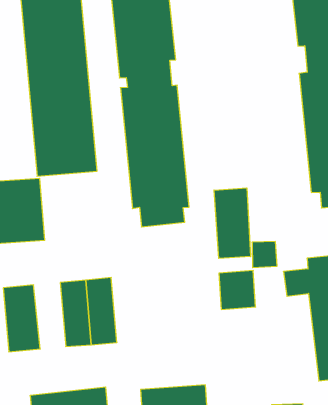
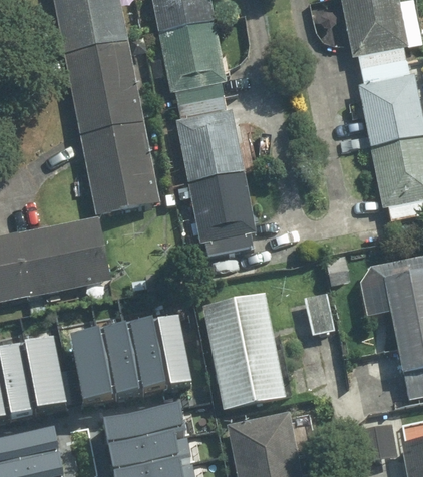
building: [214,188,251,258] -> none
building: none -> [199,293,286,414]
building: none -> [103,323,142,393]
building: none -> [104,400,187,442]

